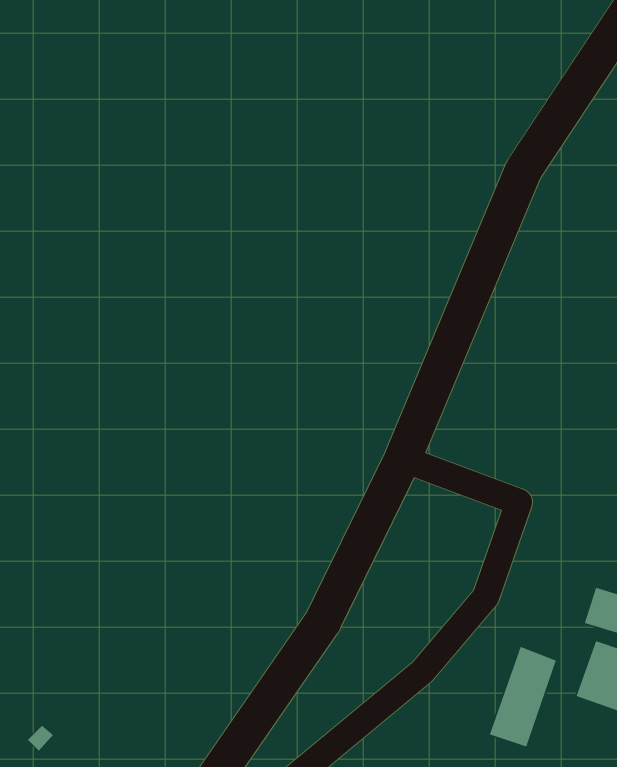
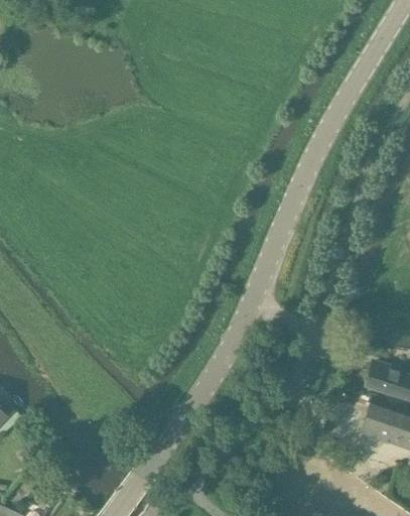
building: [489,646,557,747] -> none

